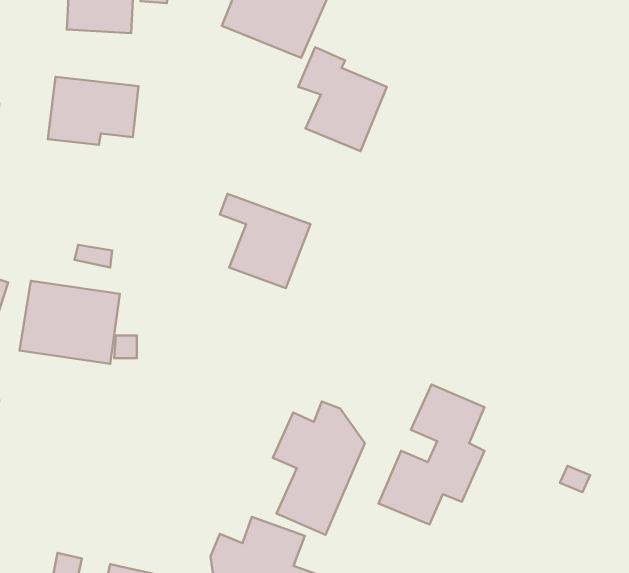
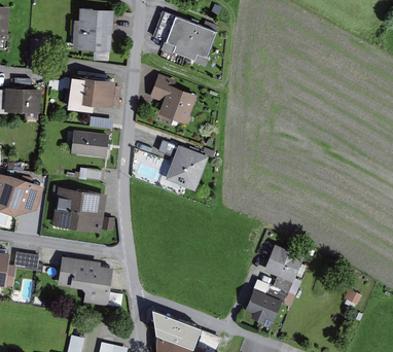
building: [298,47,387,151] -> [151,75,200,132]
building: none -> [72,132,111,160]
building: [273,401,365,535] -> none
building: none -> [58,256,112,304]

